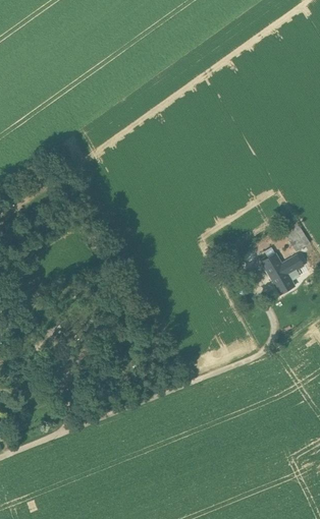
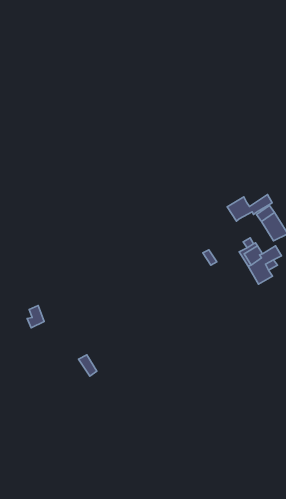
building: none -> [227,195,272,221]

